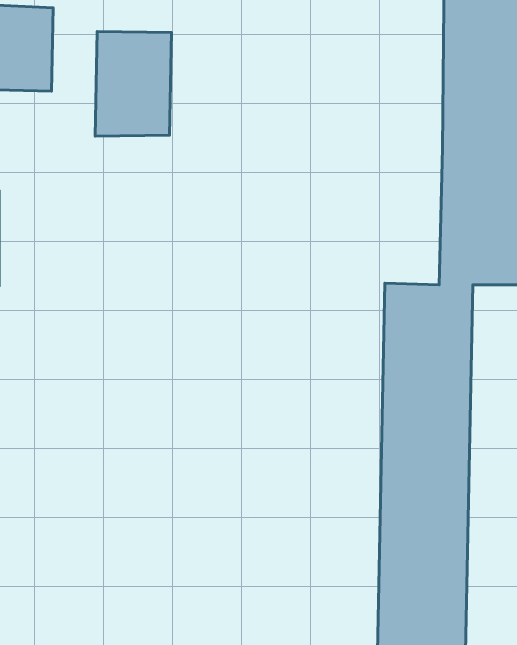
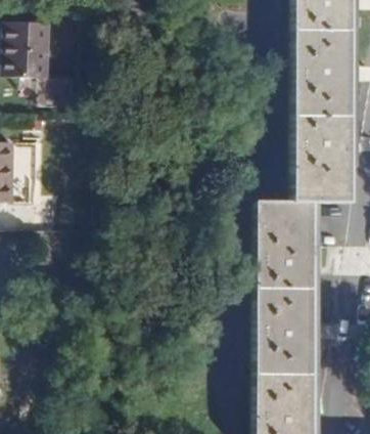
building: [95,31,171,136] -> none

